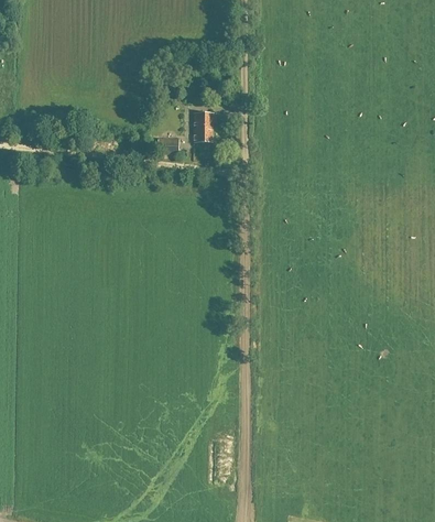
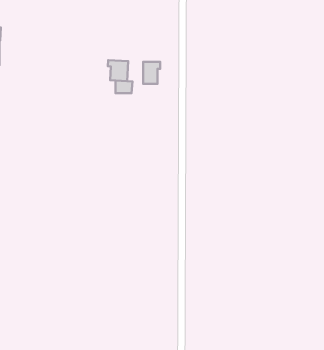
building: none -> [108,60,128,81]

